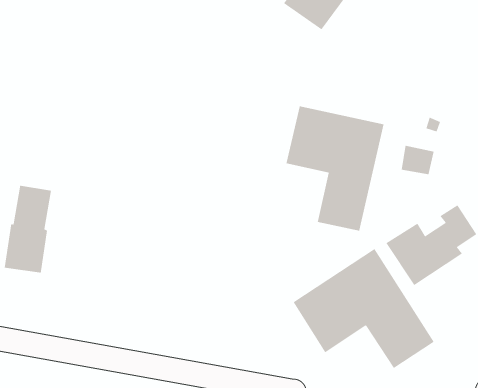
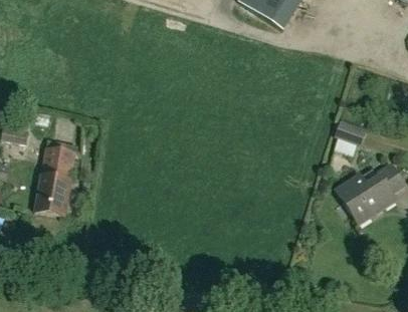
building: [286,106,384,232] -> none
building: [293,248,435,369] -> none

